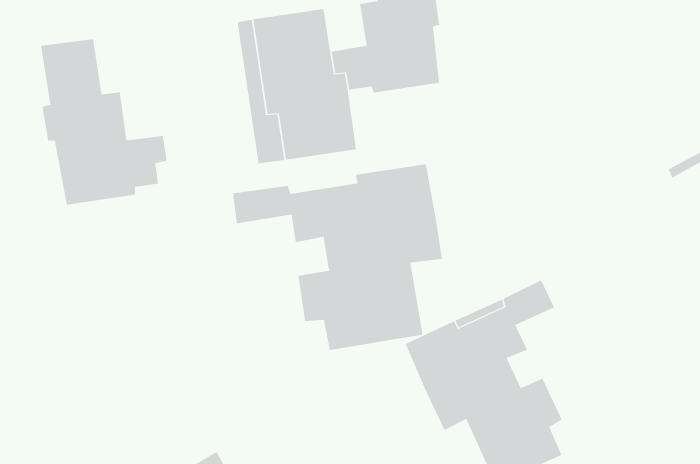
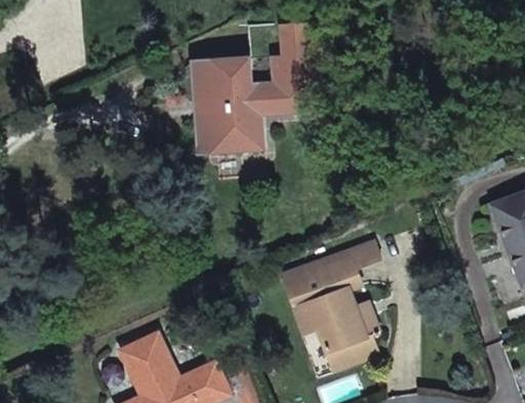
building: [41,38,167,206] -> none
building: [232,164,442,351] -> none

